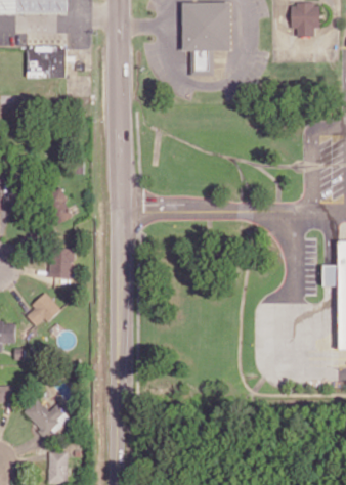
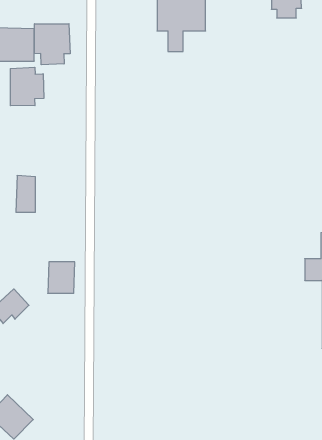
building: none -> [34,24,70,65]
building: none -> [10,67,44,106]
building: [48,249,74,278] -> [48,262,75,293]

